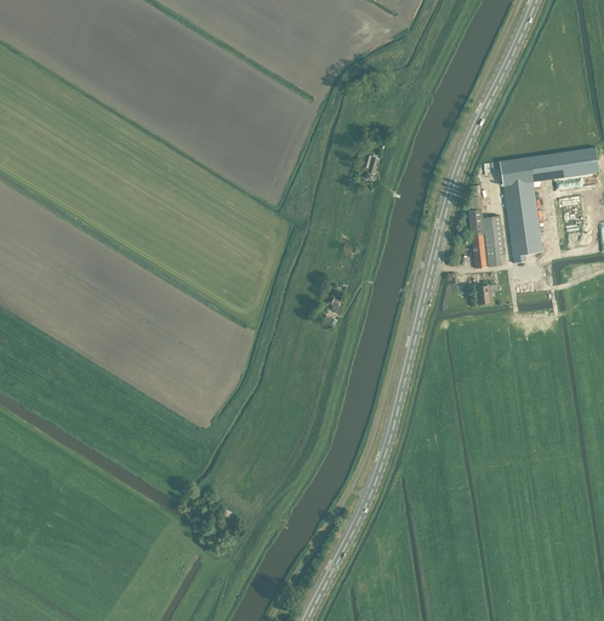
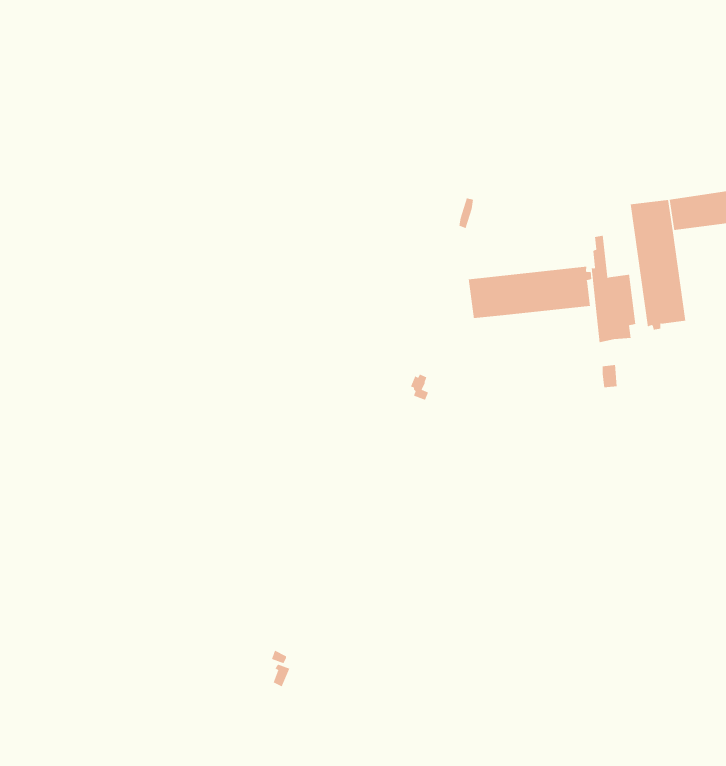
building: none -> [468,266,592,319]

